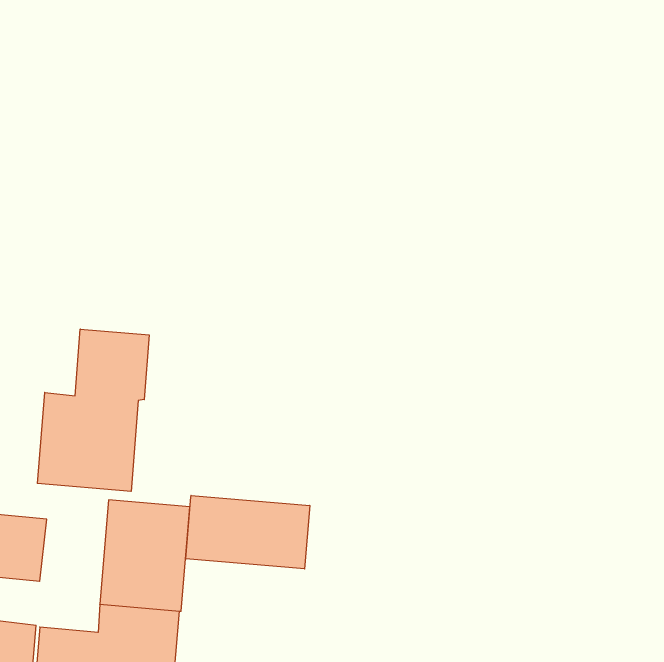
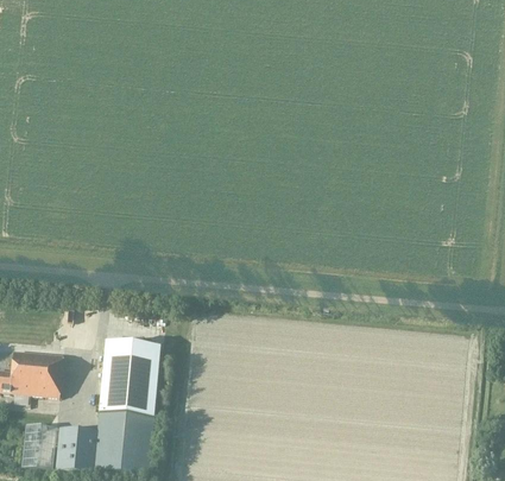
building: [37,329,149,491] -> none
building: [186,495,310,569] -> none

